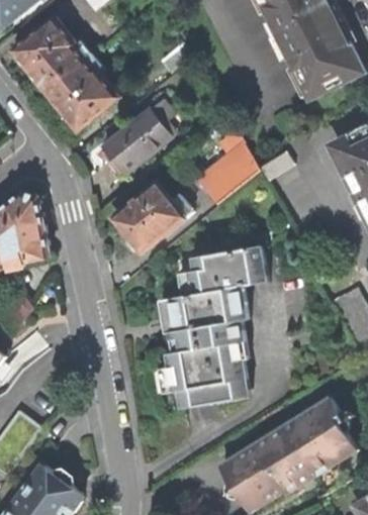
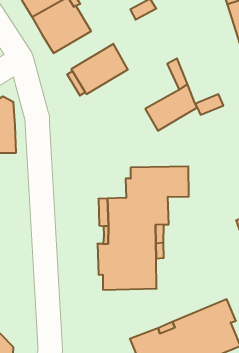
building: [114,184,191,252] -> none

